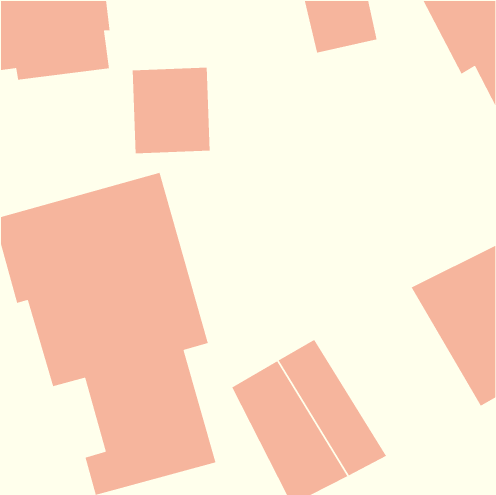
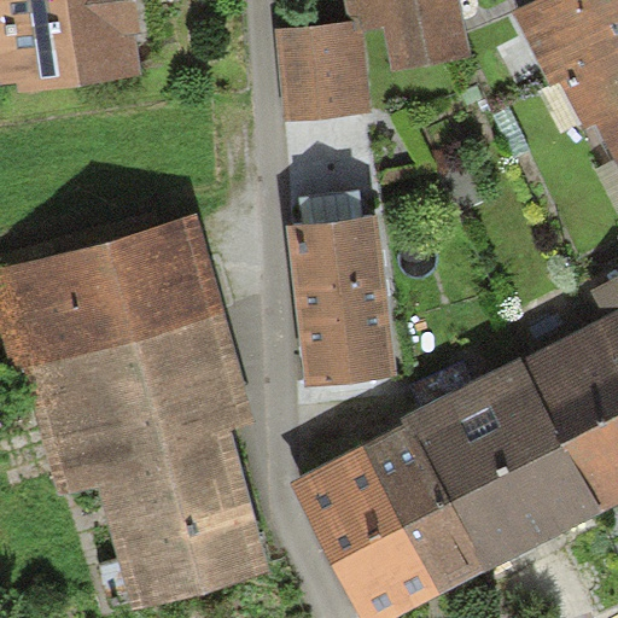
building: [132,67,211,154] -> [278,18,375,127]
building: none -> [290,209,400,381]
building: none -> [391,358,597,569]

